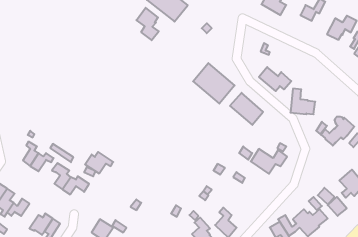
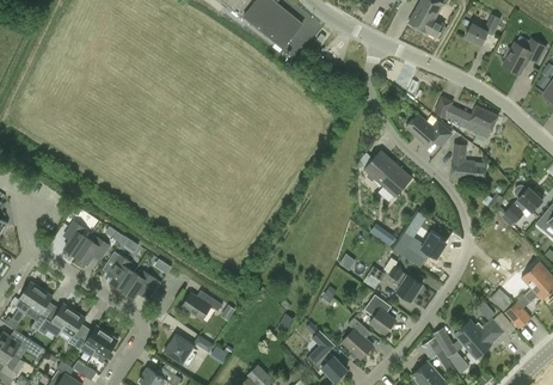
building: [136,8,159,40] -> none
building: none -> [435,97,498,147]
building: [193,63,235,104] -> none
building: [85,152,113,173] -> [182,289,222,320]
building: none -> [383,257,422,301]
building: none -> [364,294,395,335]
building: none -> [59,311,87,347]

